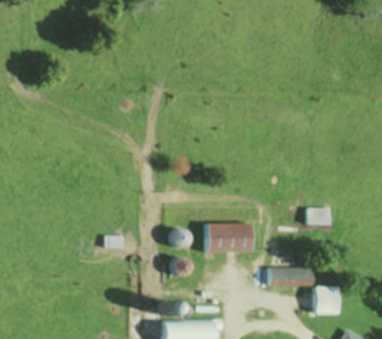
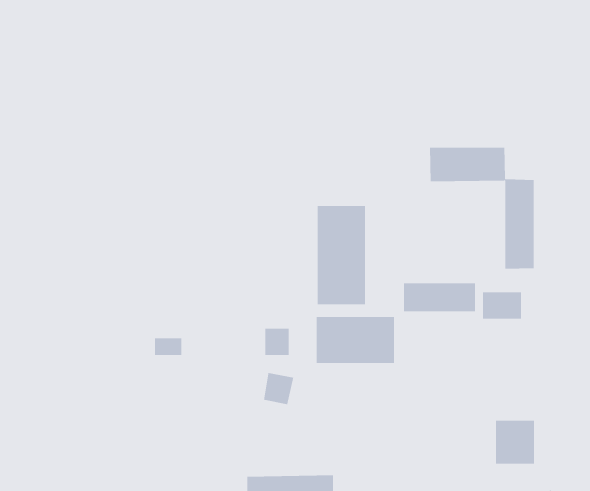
building: none -> [429,147,534,269]
building: none -> [317,205,366,305]
building: [268,268,313,286] -> [403,283,476,312]

